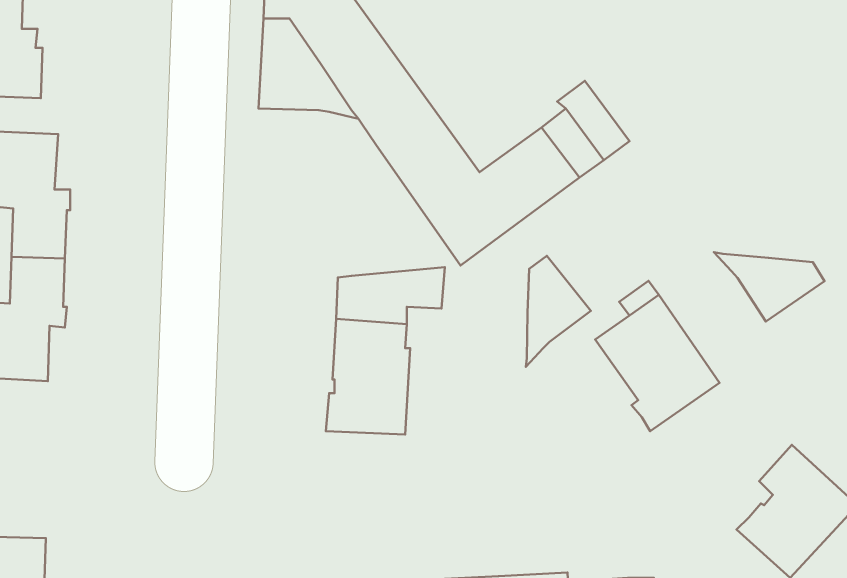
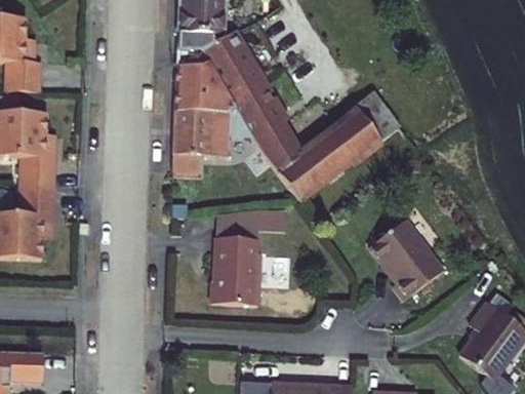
building: none -> [169,106,241,165]
building: [714,252,824,322] -> none
building: [526,256,591,367] -> none

